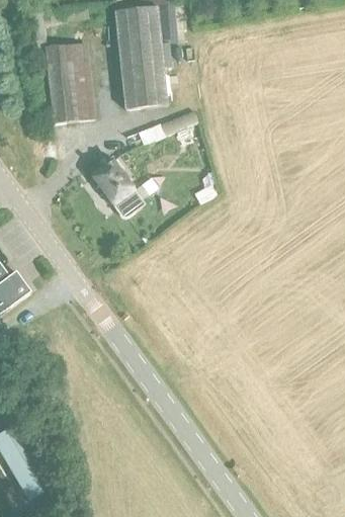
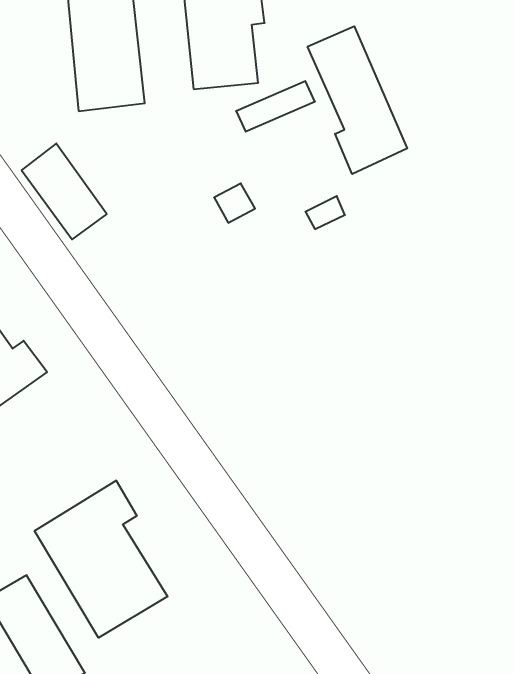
building: none -> [308,26,407,174]
building: [90,156,145,218] -> [22,143,107,239]
building: none -> [35,480,168,638]

